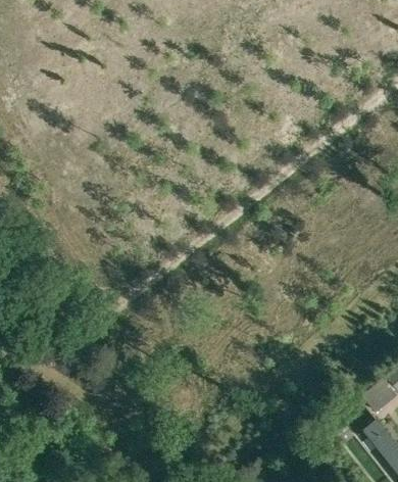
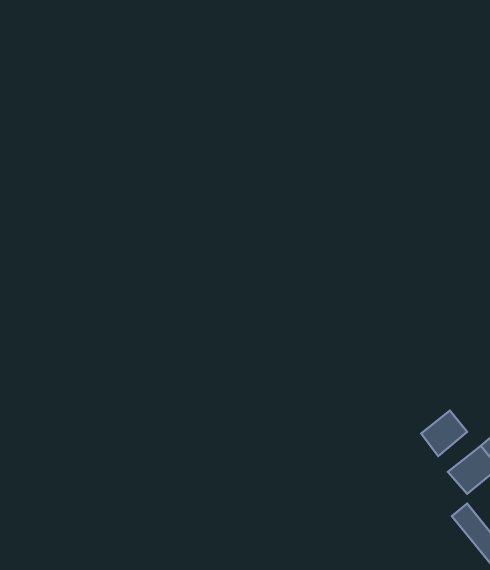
building: none -> [421,411,467,456]

